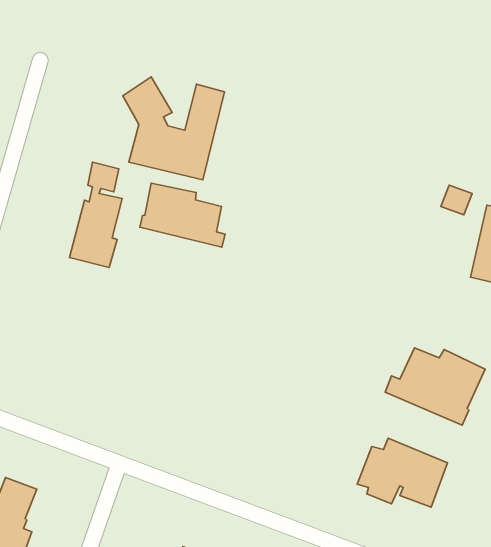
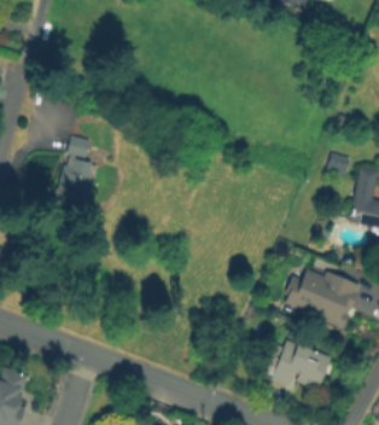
building: [123,77,224,180] -> none
building: [140,183,225,247] -> none

